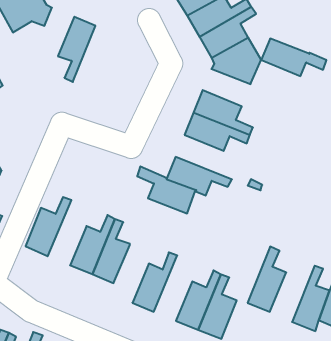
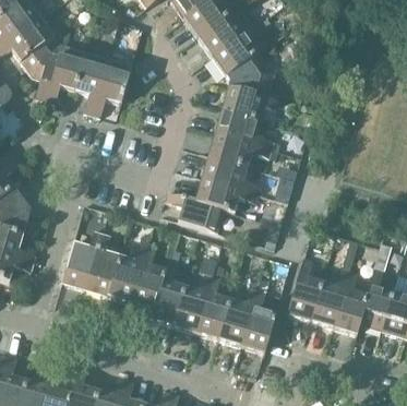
building: none -> [26,44,85,104]
building: none -> [91,57,131,117]
building: [261,39,326,76] -> [219,87,284,121]
building: none -> [200,155,260,194]
building: none -> [84,231,119,296]
building: none -> [148,262,184,326]
building: none -> [194,275,229,339]
building: none -> [309,267,348,329]

